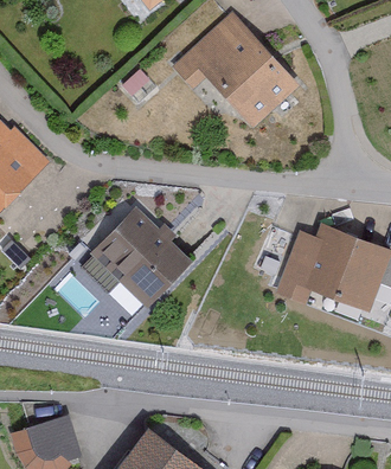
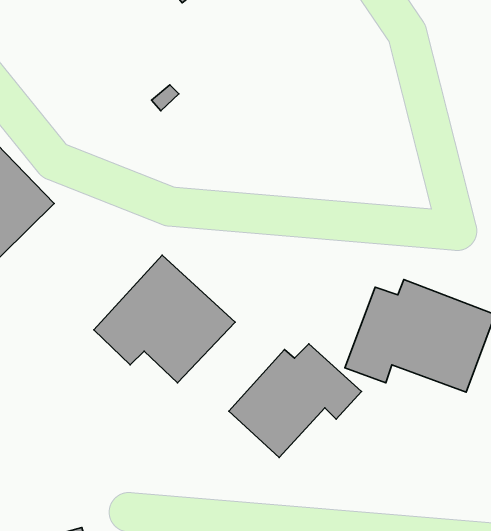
building: [174,14,299,130] -> none
building: none -> [229,344,362,457]

